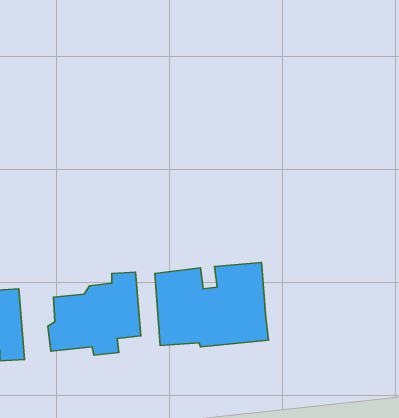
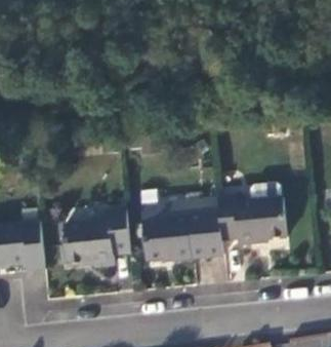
building: none -> [217,181,285,242]

